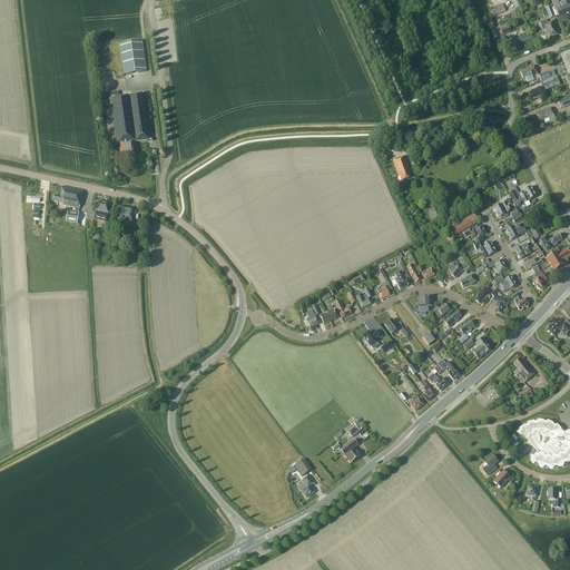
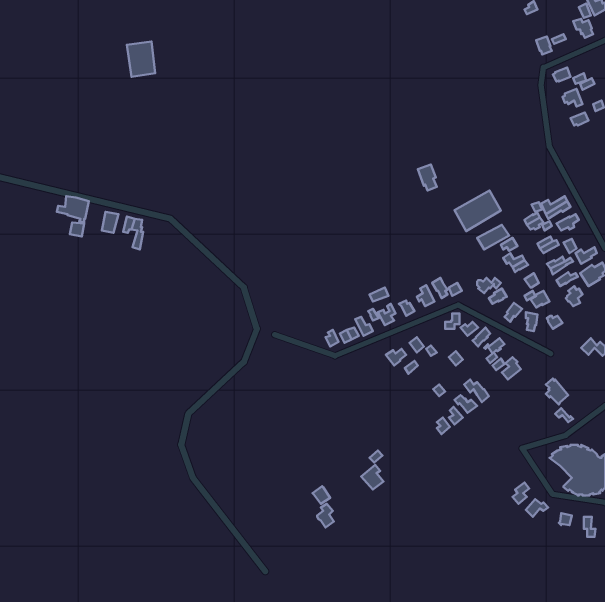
building: [109,89,153,155] -> none
building: none -> [454,190,501,231]

